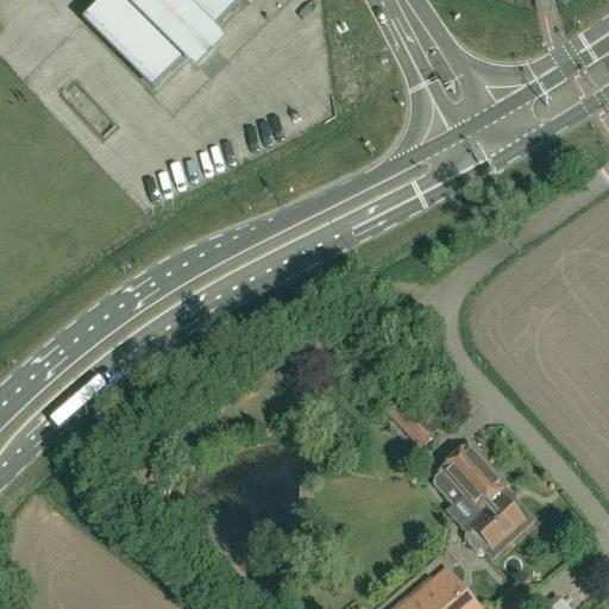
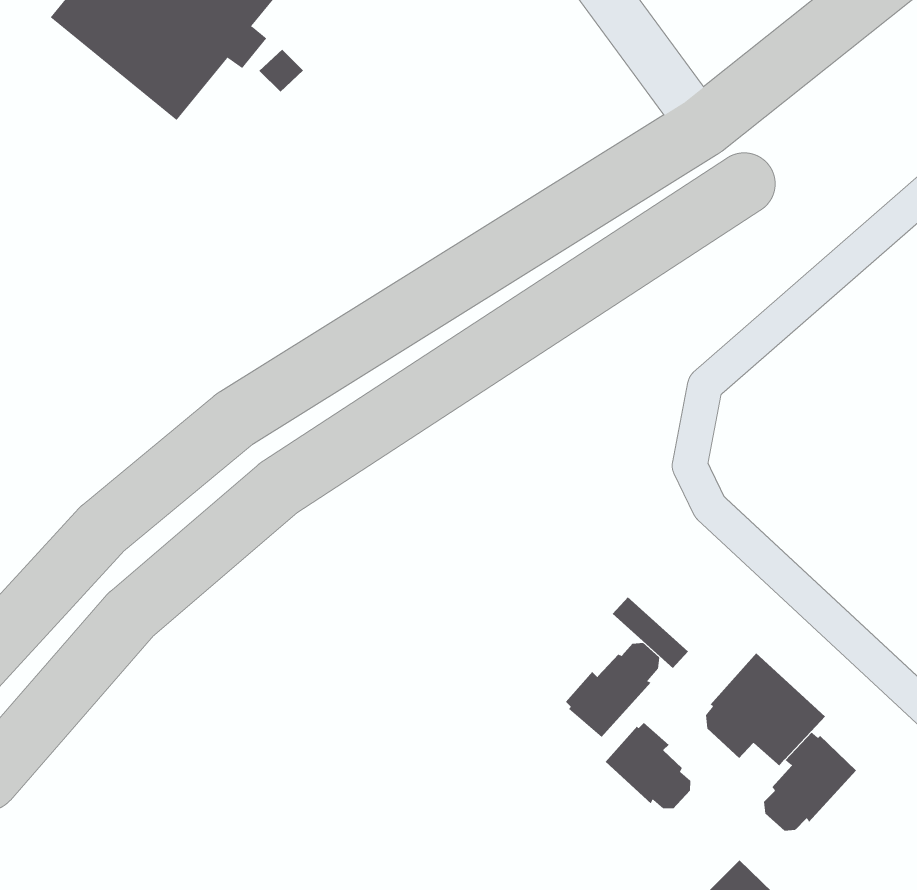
building: none -> [565,642,660,738]
building: none -> [605,722,691,809]

